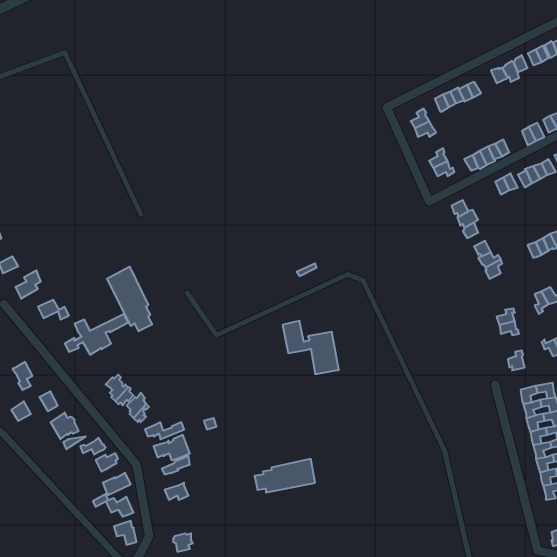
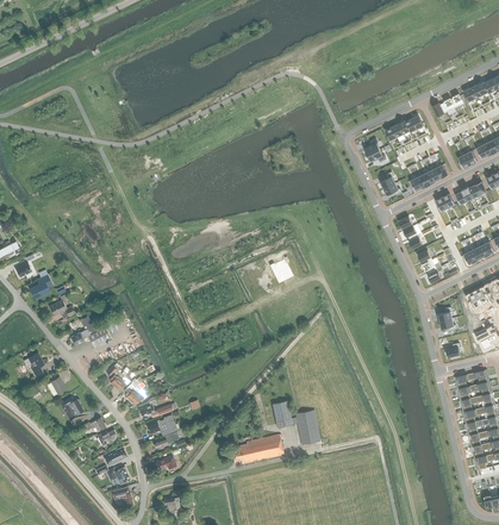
building: [107,267,152,331] -> none
building: [283,321,339,374] -> [273,400,320,445]

